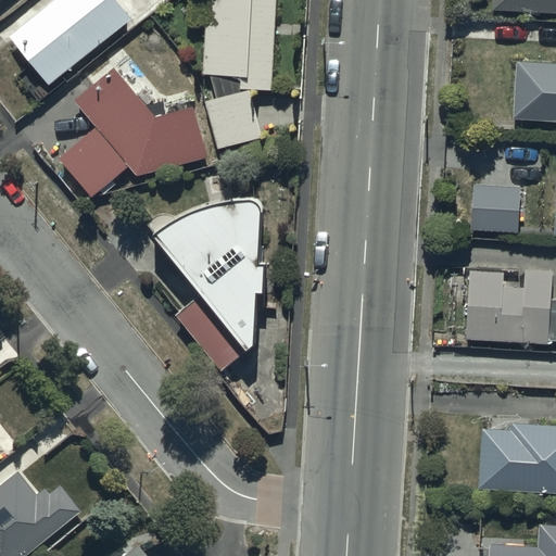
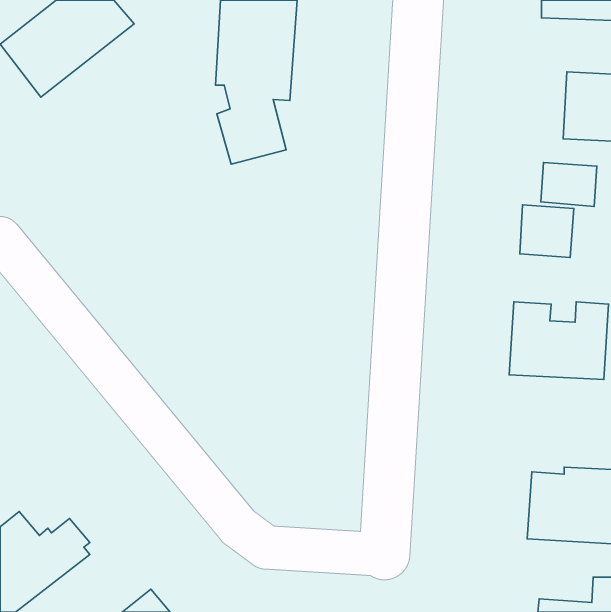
building: [61,70,211,195] -> none
building: none -> [541,162,597,207]
building: [154,197,264,366] -> none

